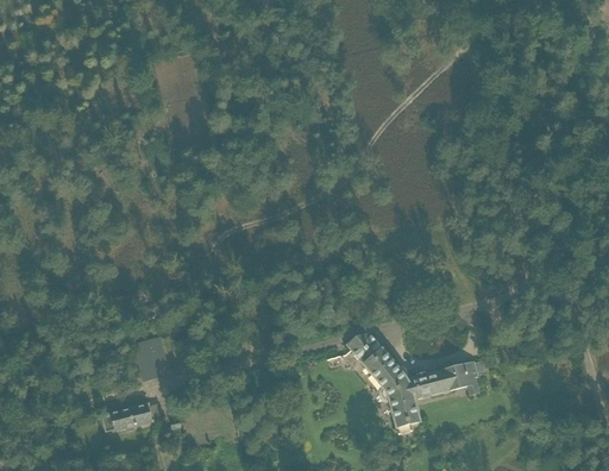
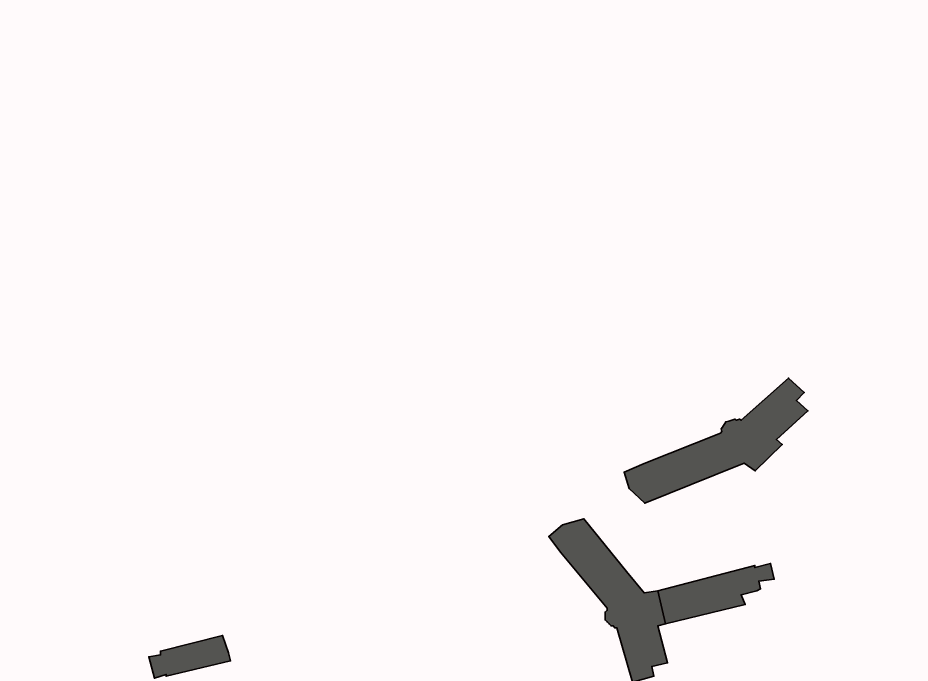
building: none -> [624,378,808,503]
building: [134,338,168,378] -> none

